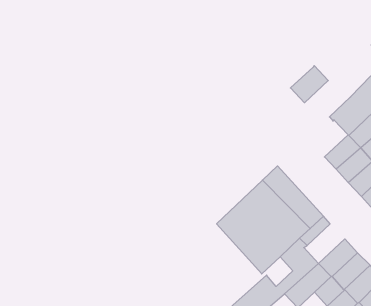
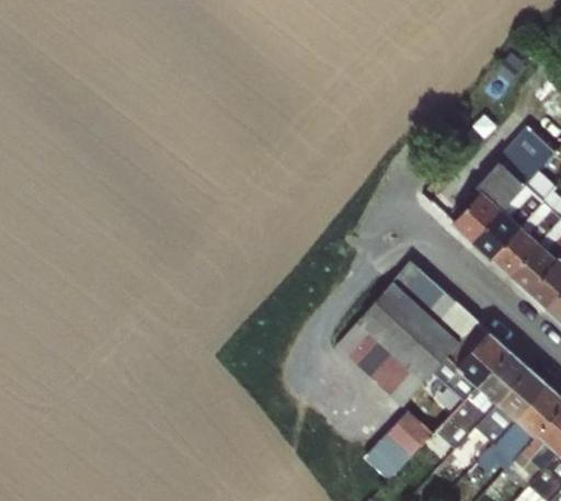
building: [290,66,328,103] -> [454,191,504,242]
building: none -> [457,332,512,387]

